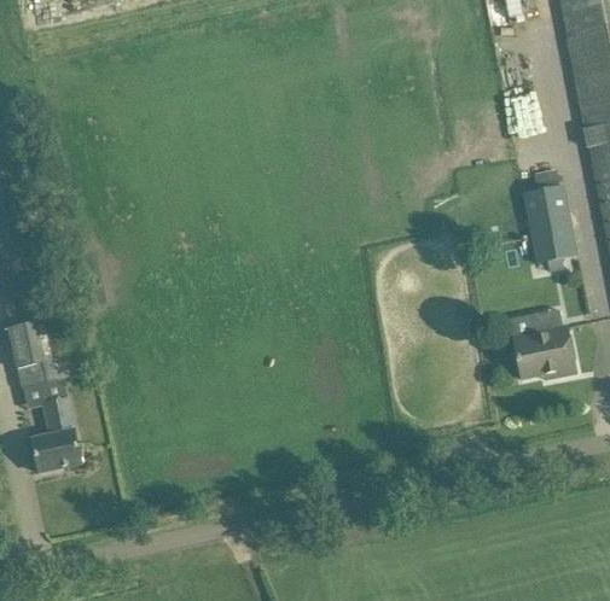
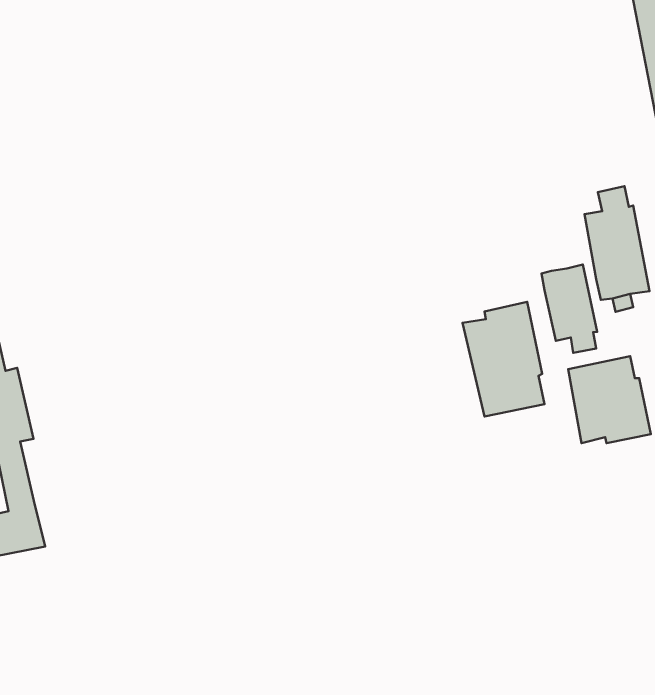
building: none -> [542,265,597,353]
building: none -> [463,302,545,417]

